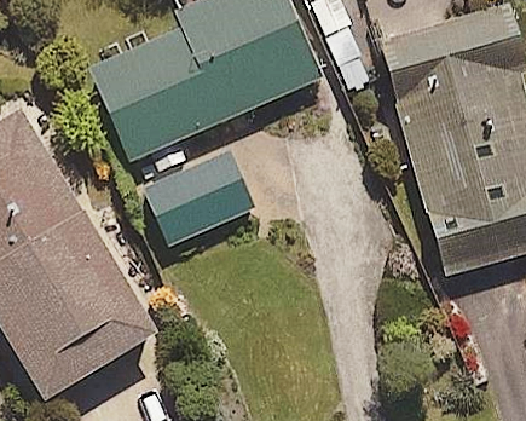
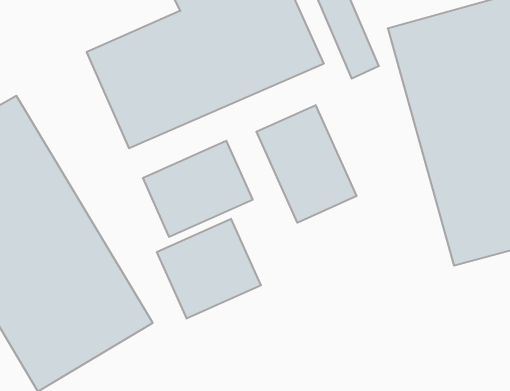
building: none -> [256,105,356,223]
building: none -> [157,219,261,319]

